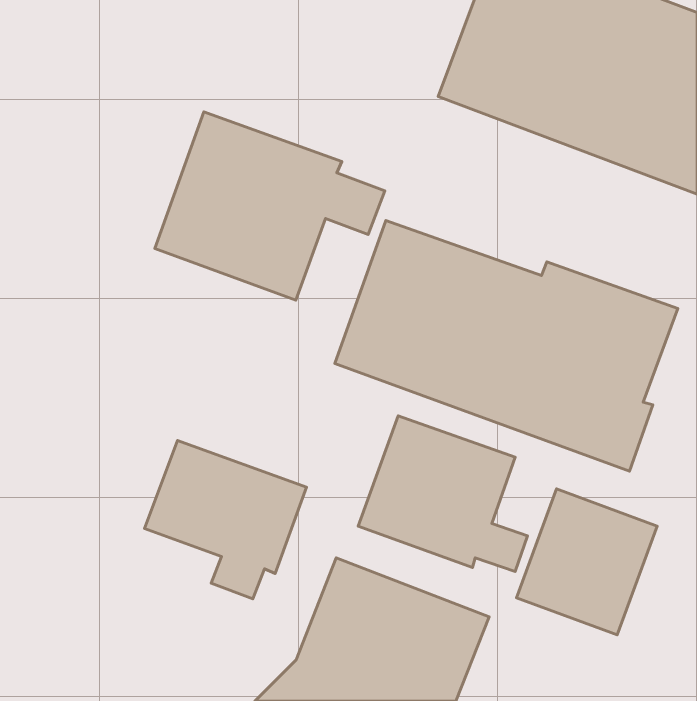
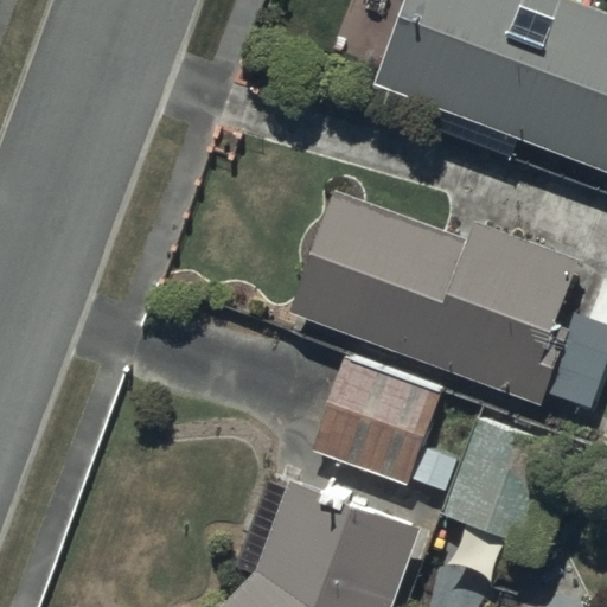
building: [155,112,385,300] -> none
building: [144,440,306,599] -> none

